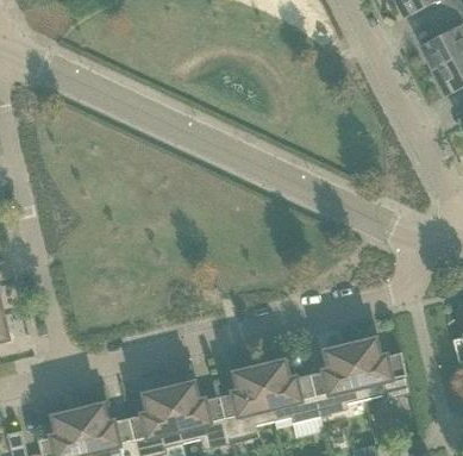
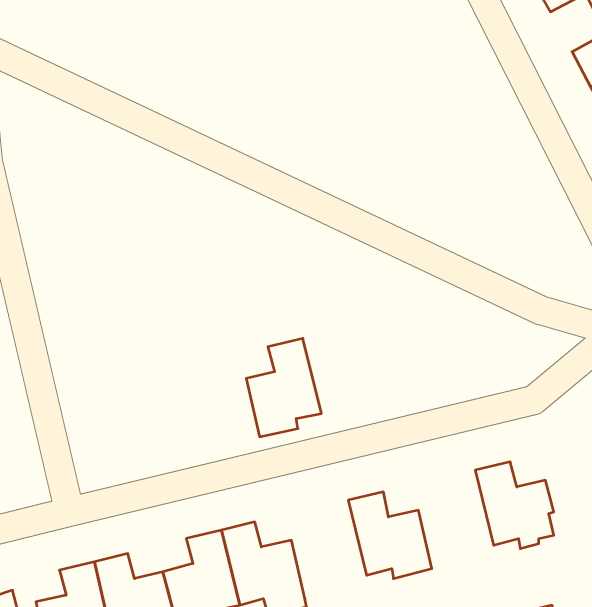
building: [309,344,363,414] -> none
building: [219,366,273,436] -> [246,338,321,437]

